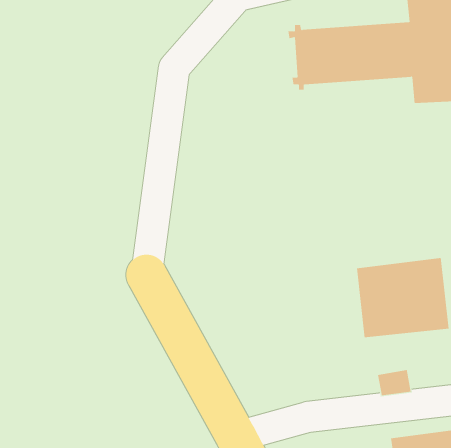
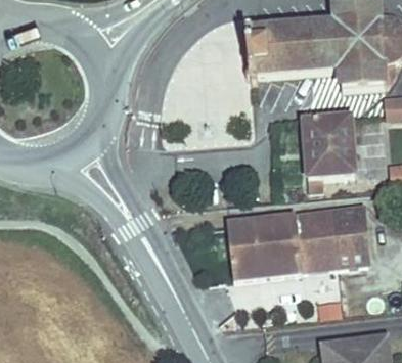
building: none -> [304,116,355,188]
building: none -> [228,215,303,277]

